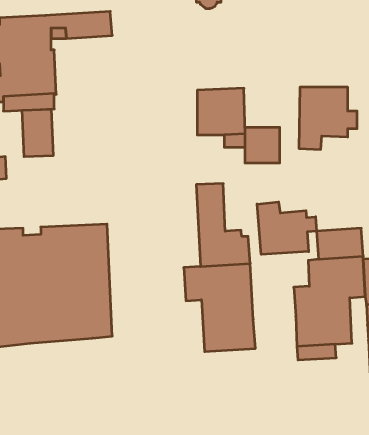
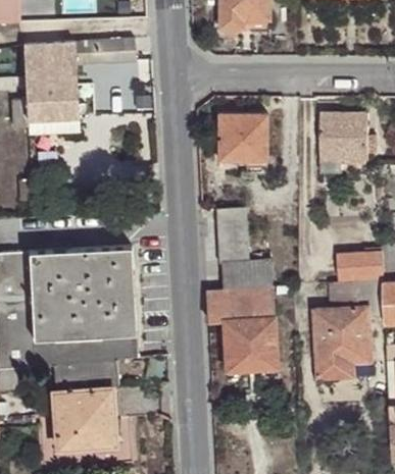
building: [22,109,53,157] -> none
building: [245,127,280,163] -> none
building: [257,202,317,254] -> none
building: none -> [53,359,118,449]

